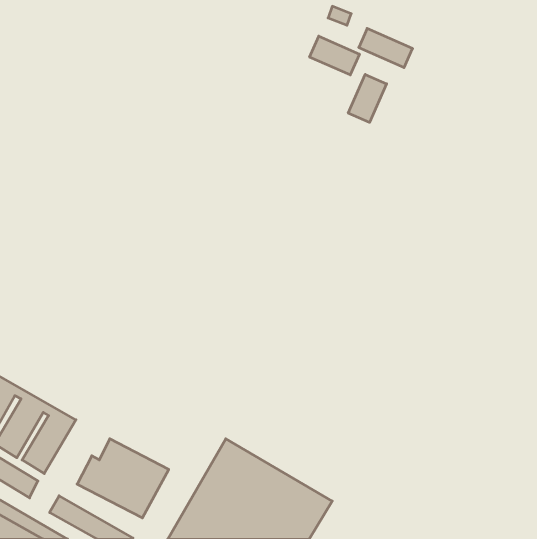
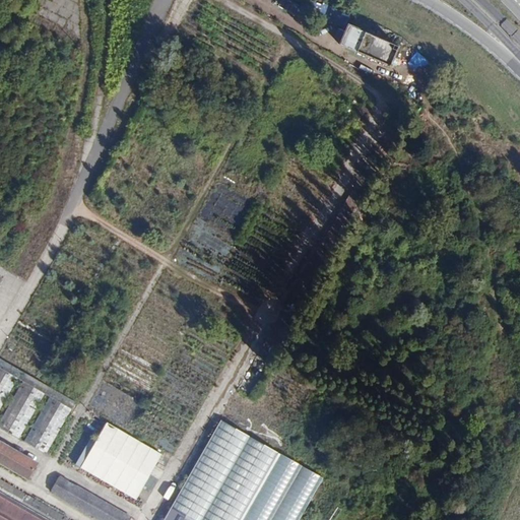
building: [310,36,359,75] -> none
building: [348,74,387,122] -> none

